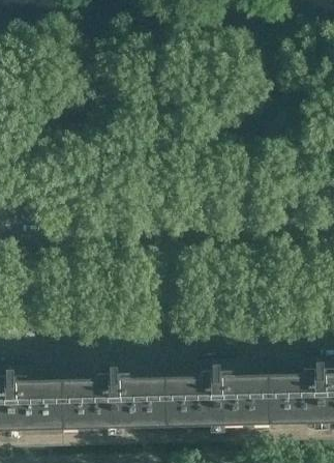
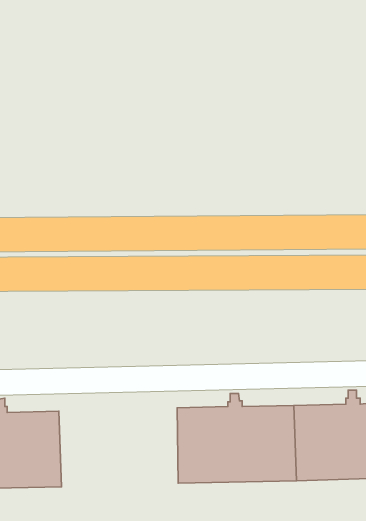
building: [62,352,166,432] -> none

